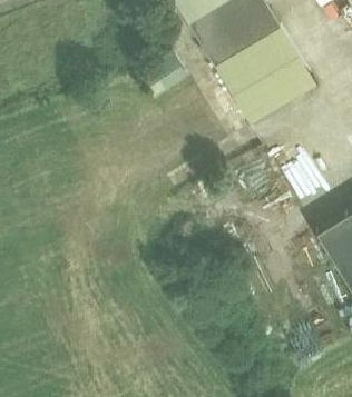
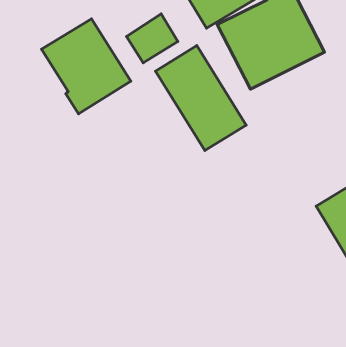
building: none -> [42,19,131,114]
building: none -> [155,46,246,150]

